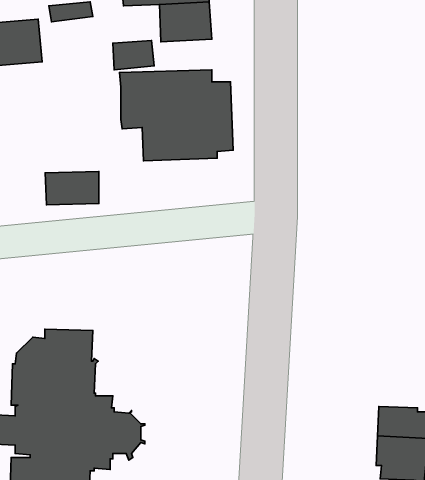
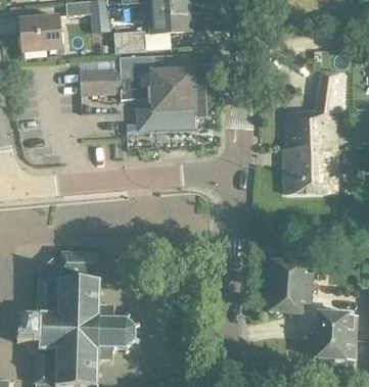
building: none -> [283,70,343,192]
building: [45,172,99,205] -> [79,67,120,93]
building: none -> [268,259,315,312]

